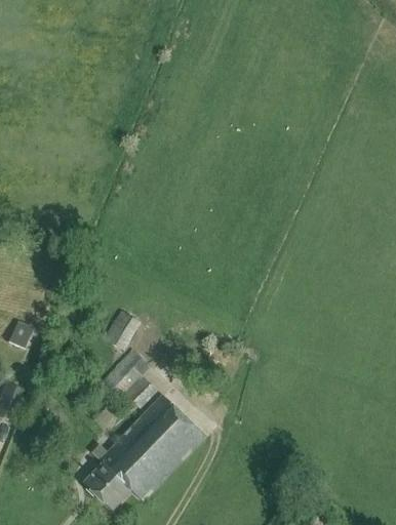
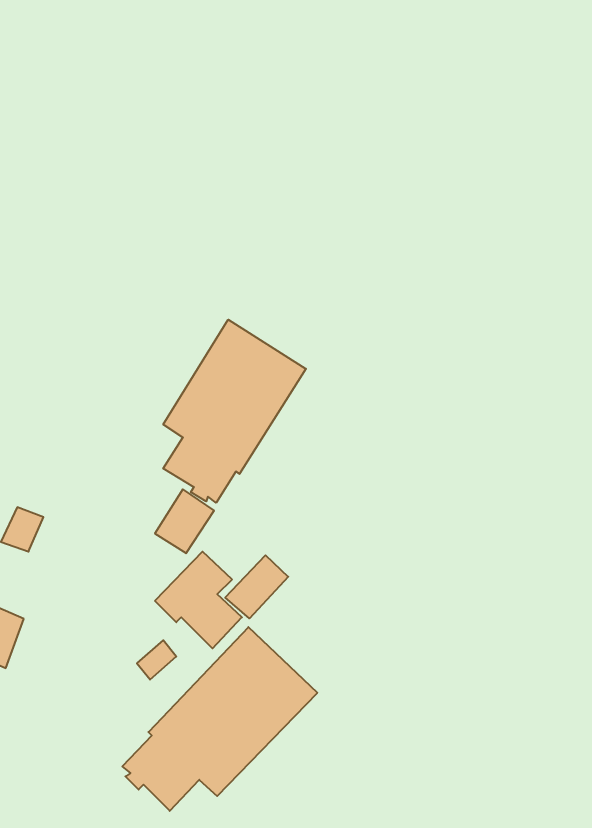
building: none -> [163,320,306,503]
building: none -> [225,555,288,618]

